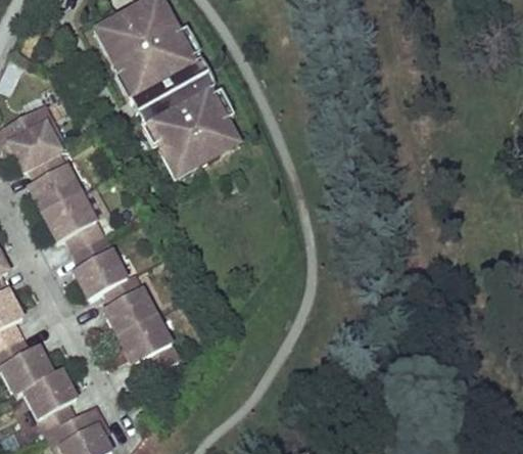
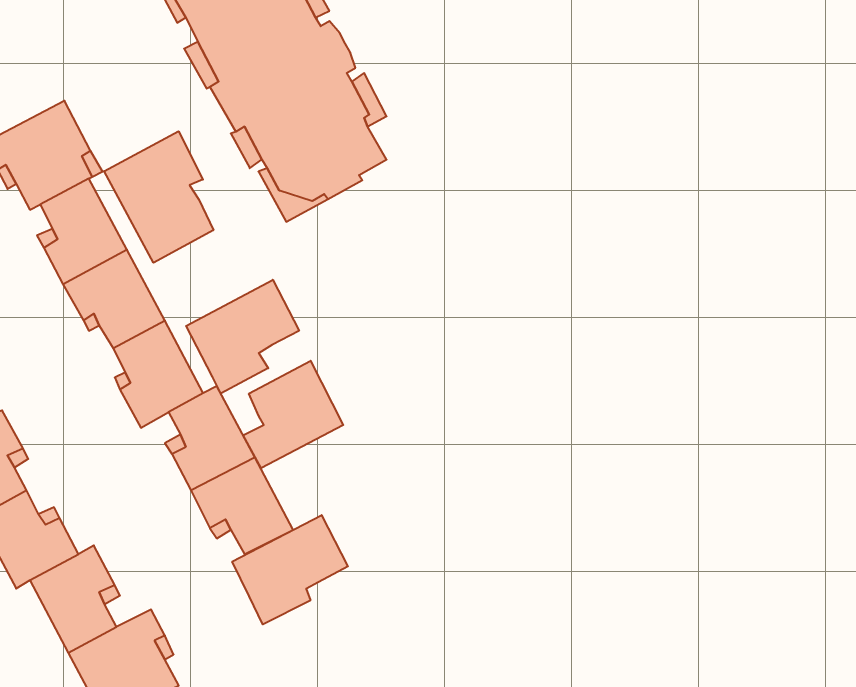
building: none -> [104,131,213,263]
building: none -> [186,280,299,394]
building: none -> [243,361,343,468]
building: none -> [232,515,348,624]

